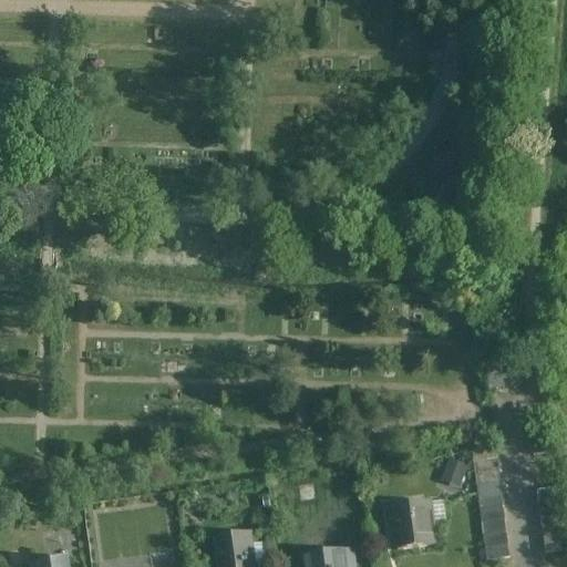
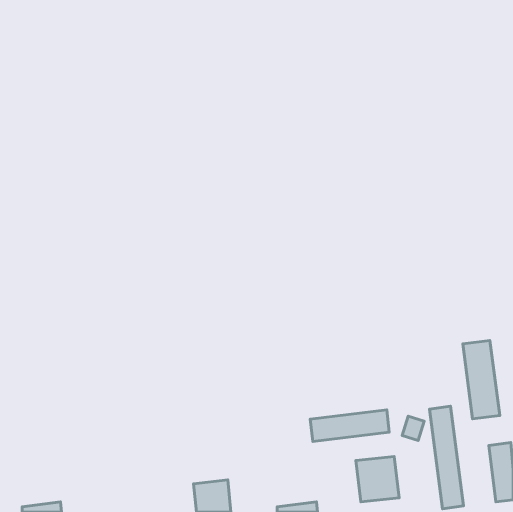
building: none -> [463,341,500,419]
building: none -> [310,410,389,442]

